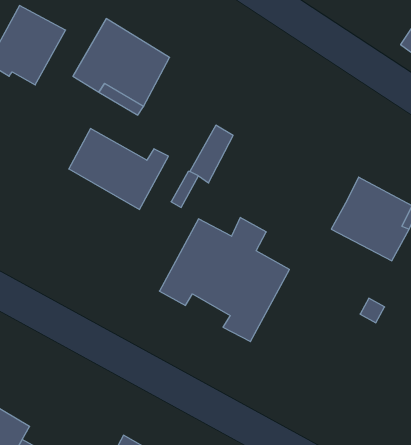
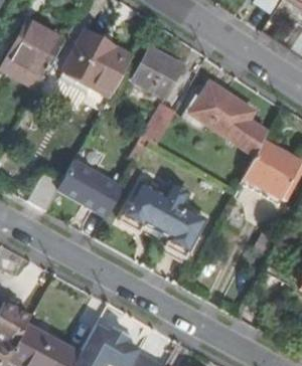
building: none -> [132,48,180,97]
building: none -> [187,83,267,158]
building: [69,129,168,209] -> [58,161,128,217]

